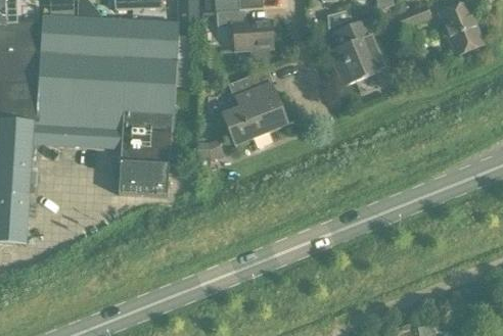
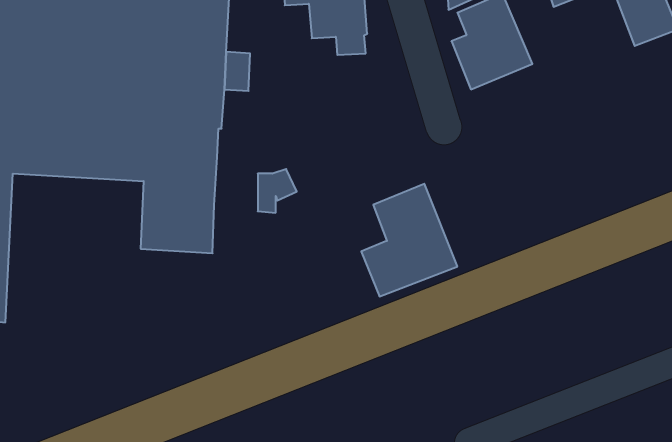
building: [222,67,287,144] -> [361,184,457,296]

